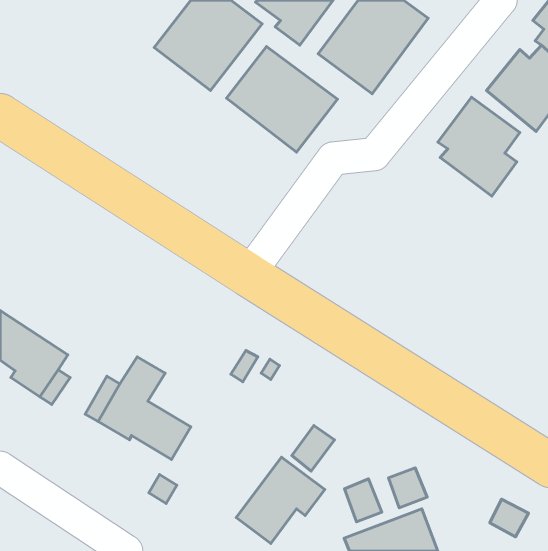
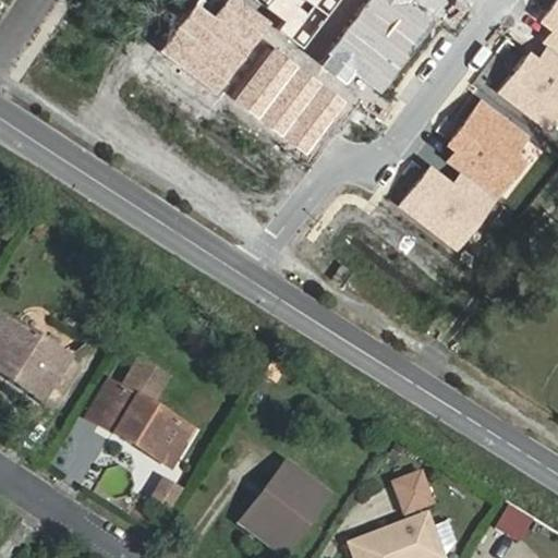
building: none -> [397,166,500,254]
building: [292,425,335,471] -> none
building: [344,479,382,522] -> none

